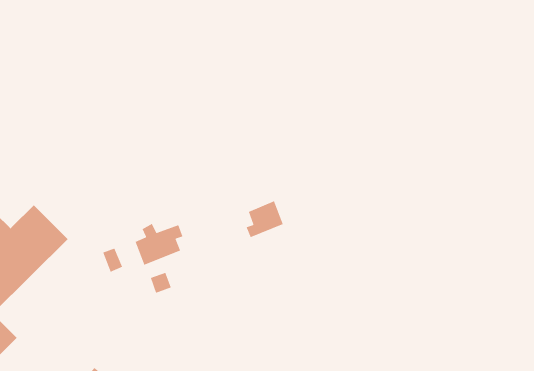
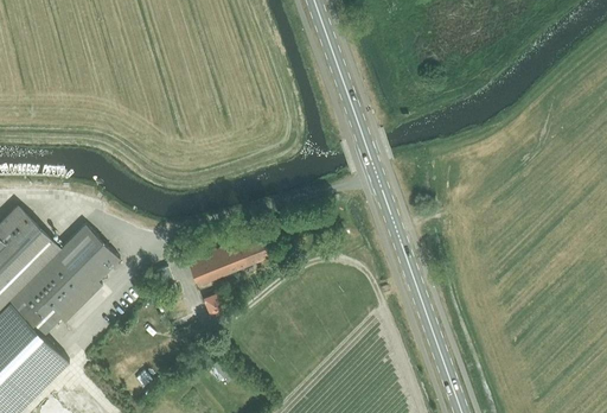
building: [246,200,284,238] -> [231,235,270,274]

